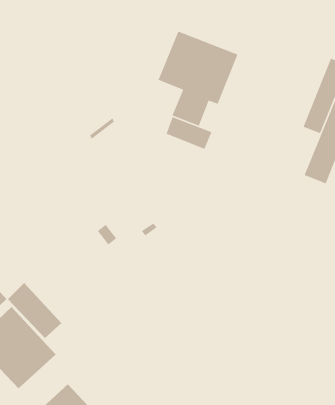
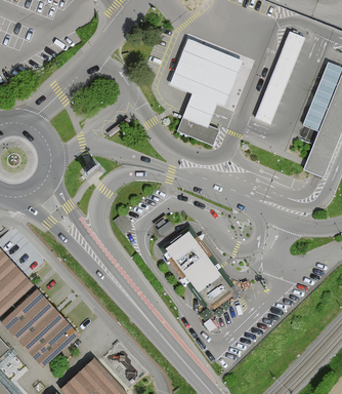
building: none -> [256,32,306,125]
building: none -> [167,230,233,306]
building: [7,282,62,339] -> none

